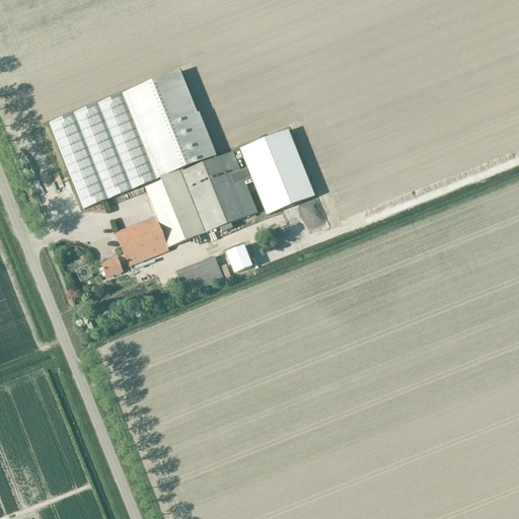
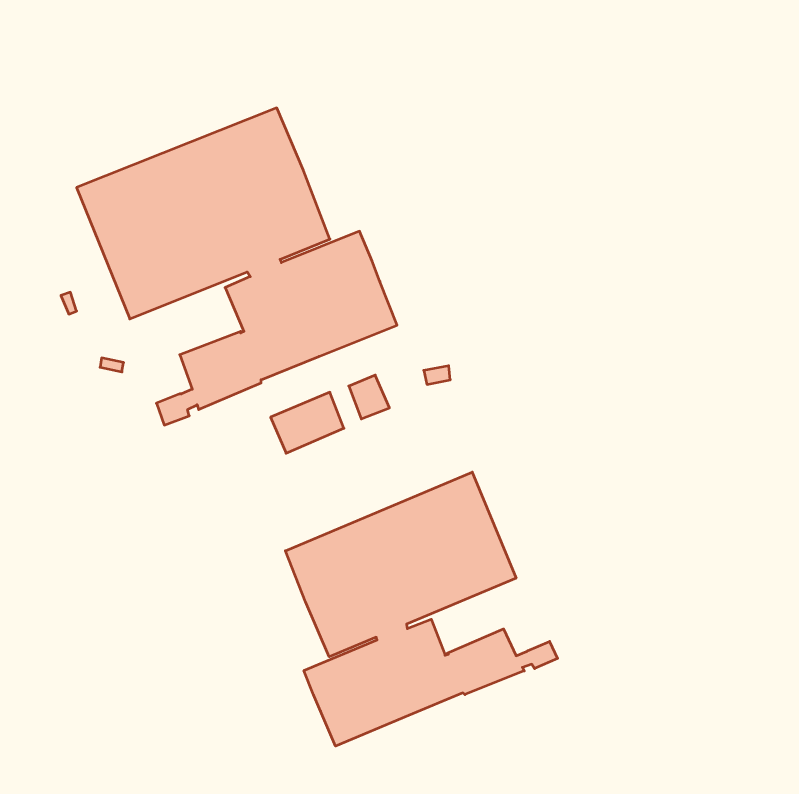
building: [240,129,314,214] -> none
building: none -> [285,472,558,746]

